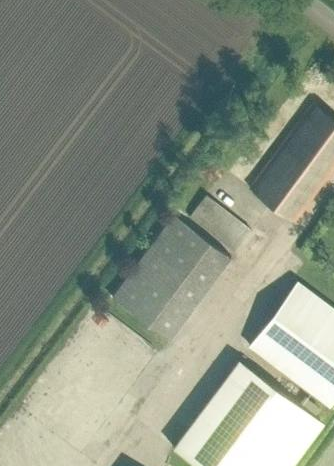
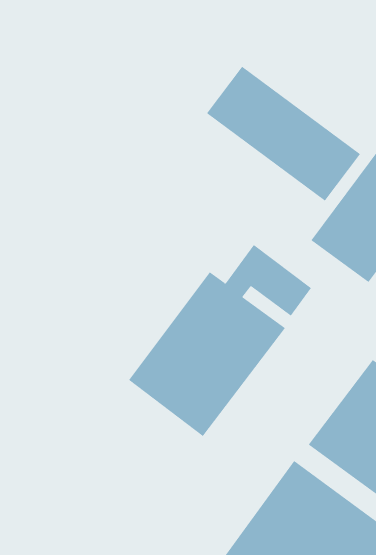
building: none -> [206,66,361,202]

